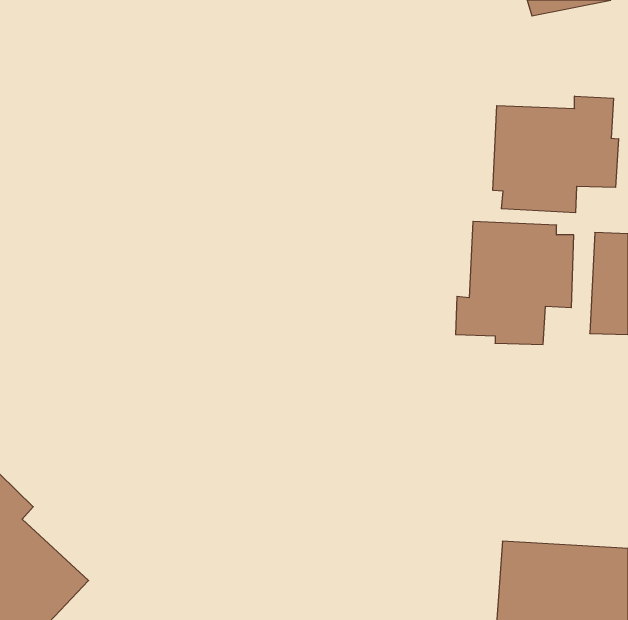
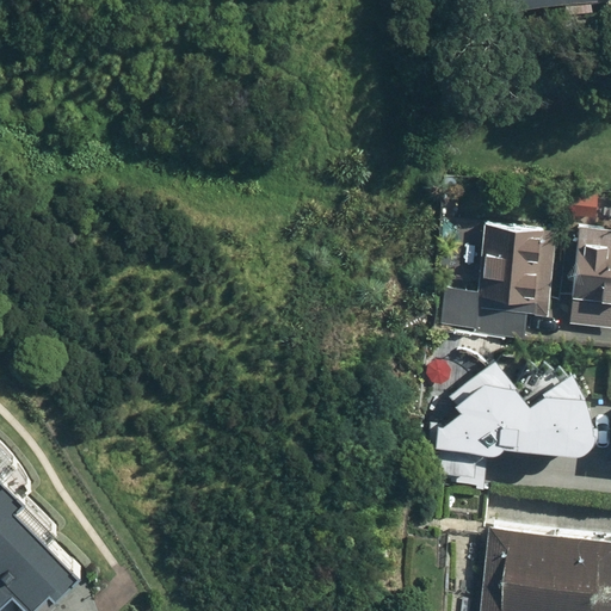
building: [493,96,619,213] -> none
building: none -> [430,365,592,477]

